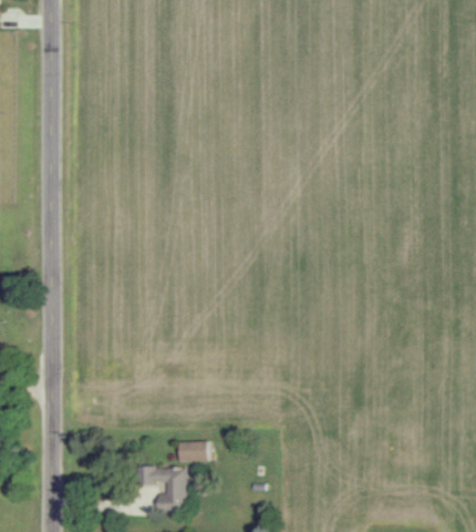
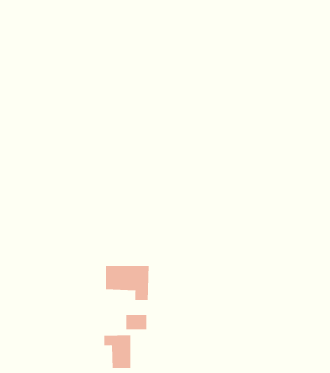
building: none -> [106,265,149,301]

